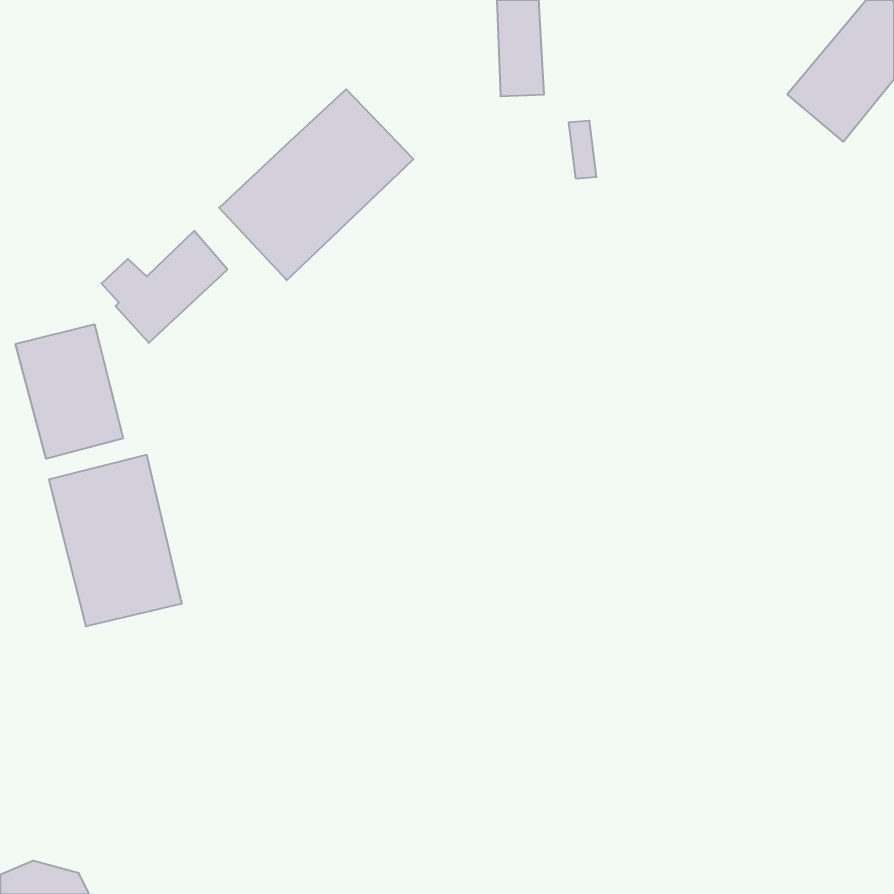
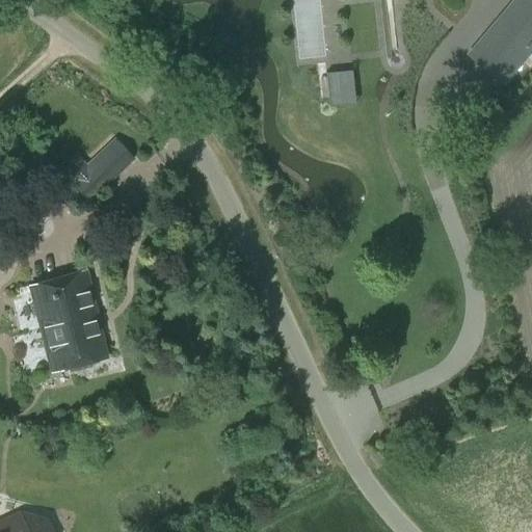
building: [219,89,413,280] -> none
building: [16,324,123,459] -> none

